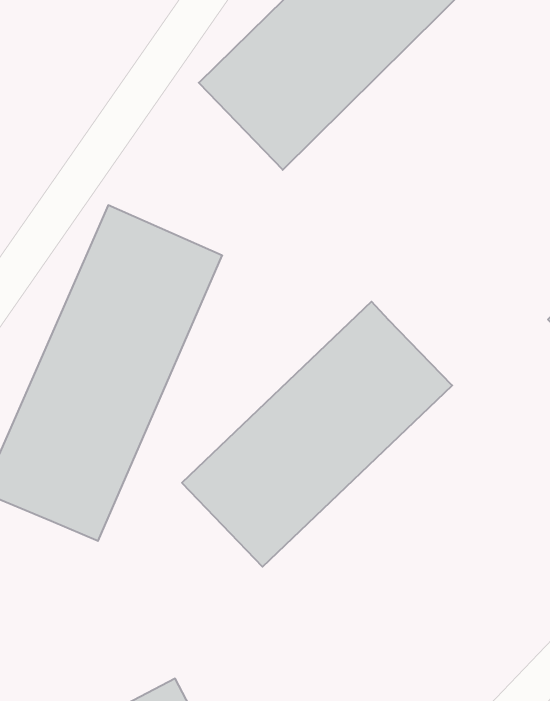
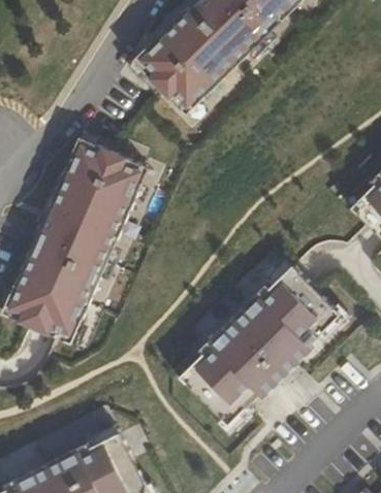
building: [182,302,452,567] -> [179,264,345,427]

